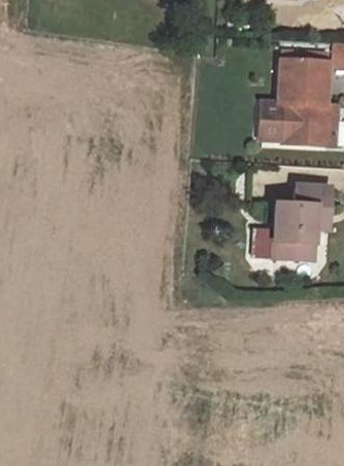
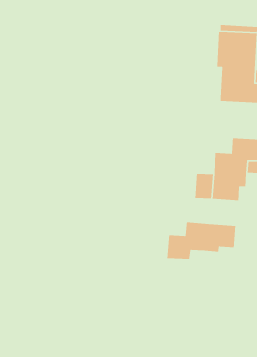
building: [260,102,285,141] -> none
building: none -> [167,222,236,260]

